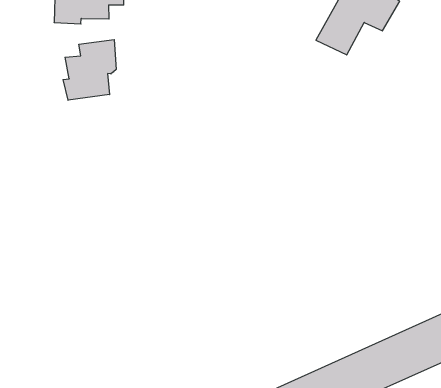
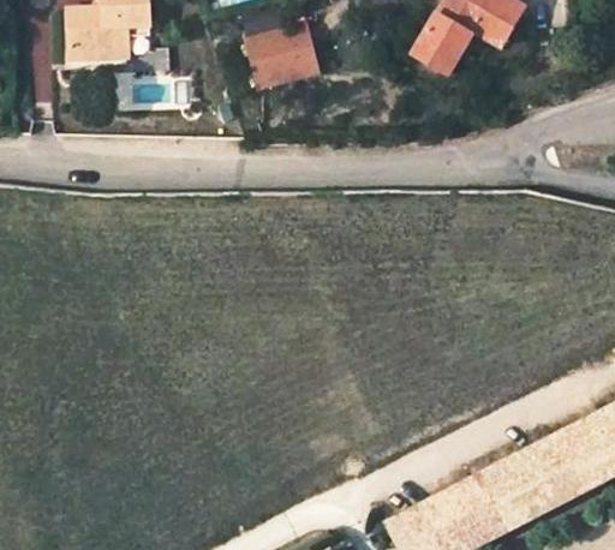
building: none -> [247,31,320,95]
building: [63,40,116,100] -> none

